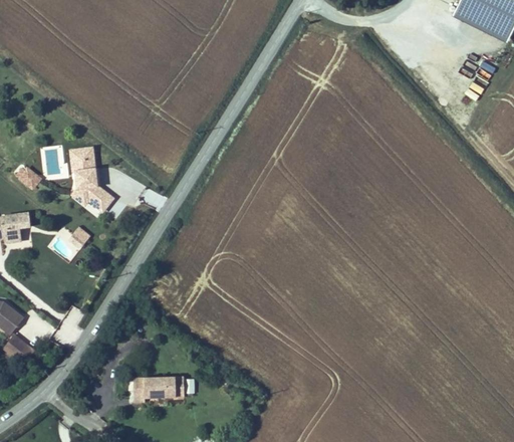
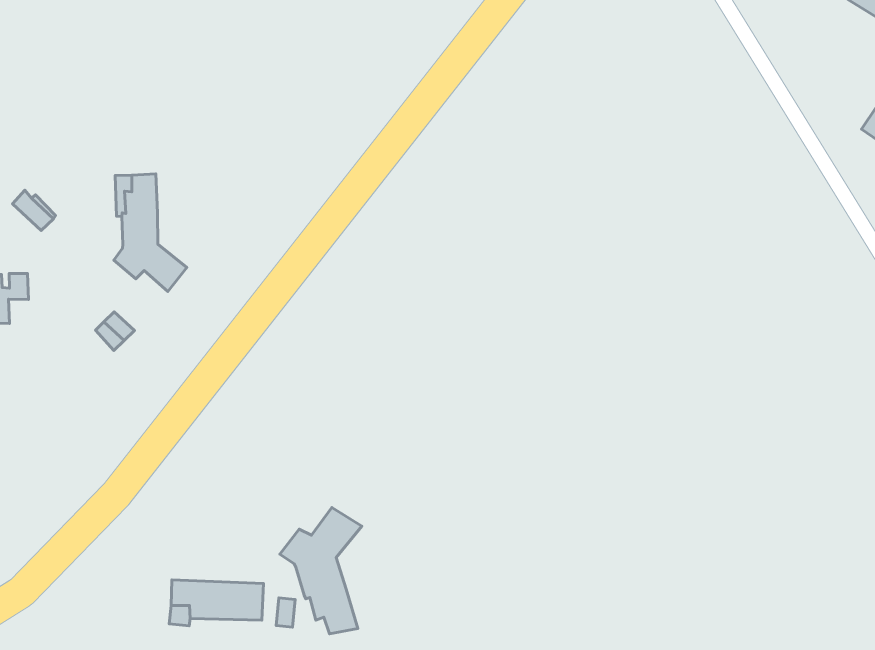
building: none -> [280,508,362,634]

